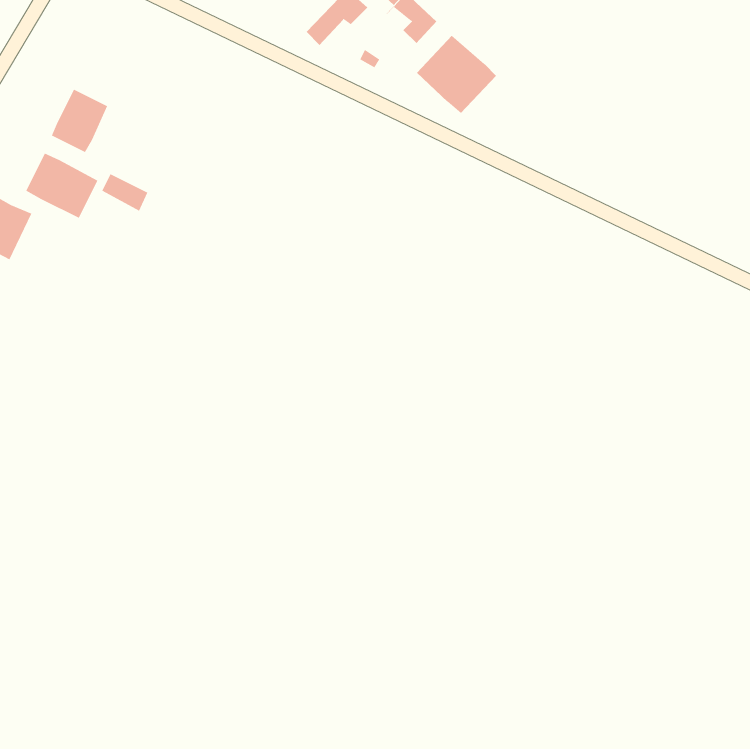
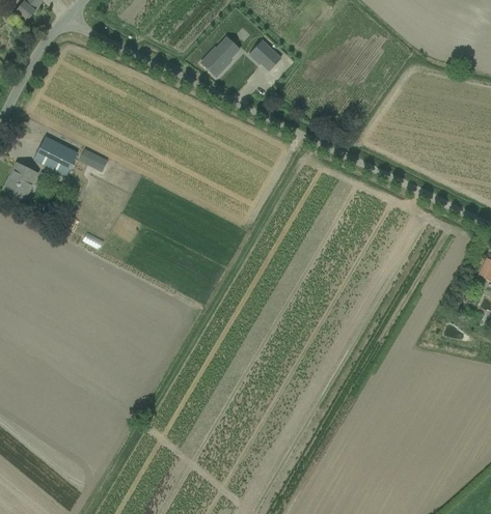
building: [416,35,497,114] -> none
building: [51,89,108,153] -> none

